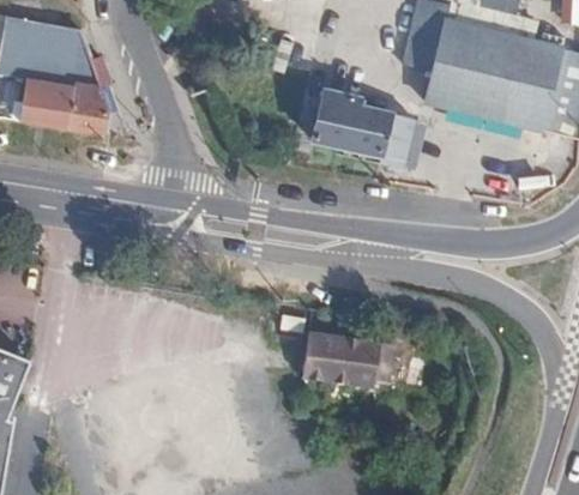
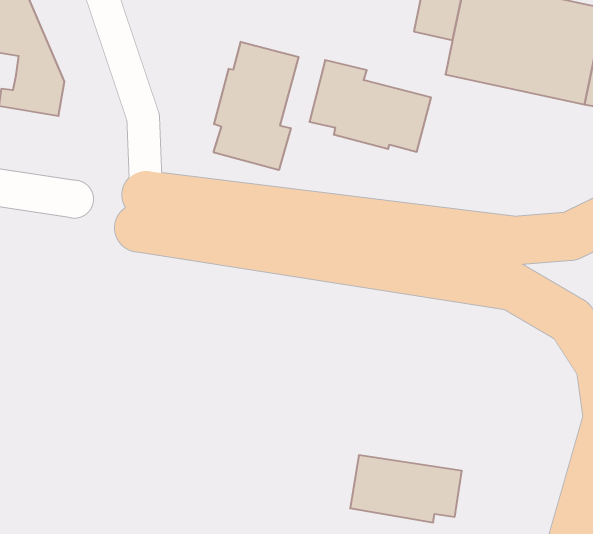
building: none -> [214,42,299,170]
building: [301,330,394,386] -> [350,455,462,522]

